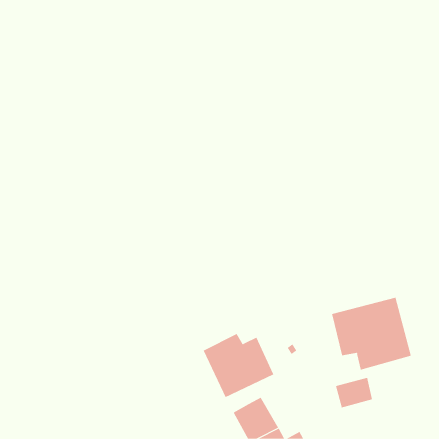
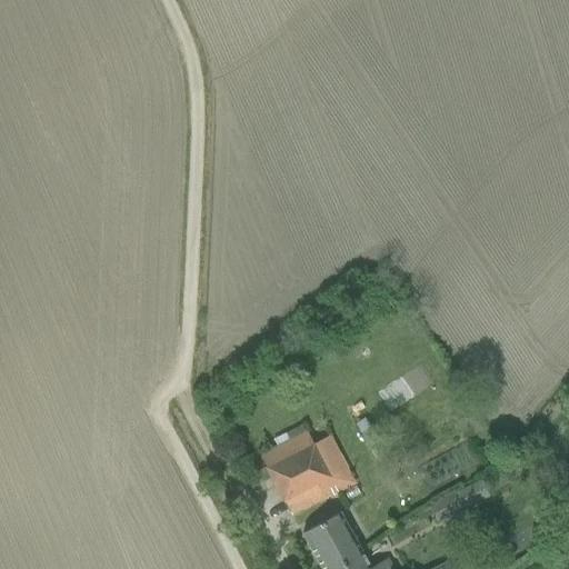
building: [332,297,411,370] -> none

